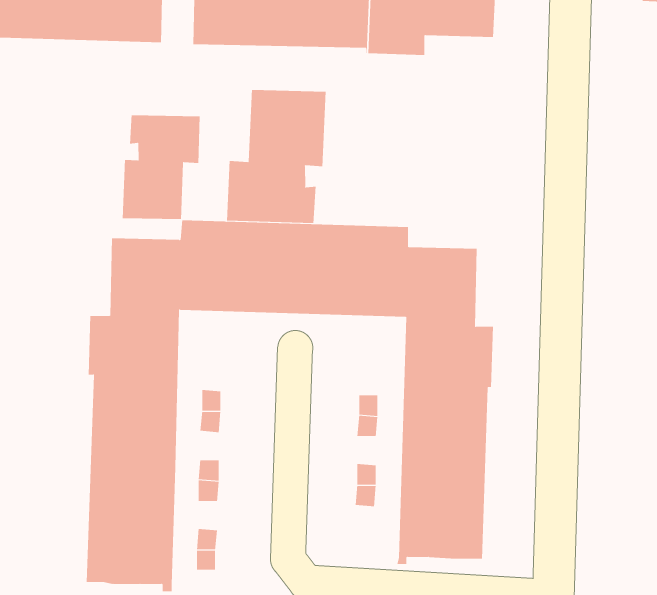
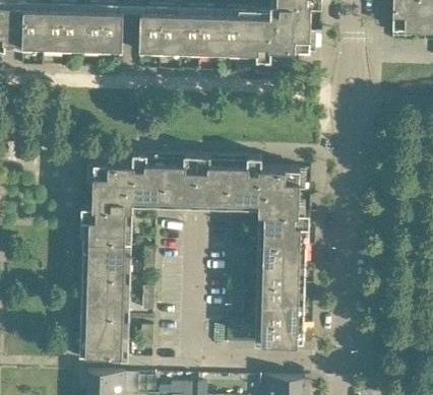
building: [227,89,326,224] -> none
building: [122,114,200,220] -> none

